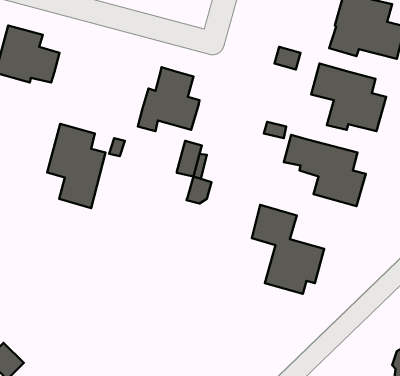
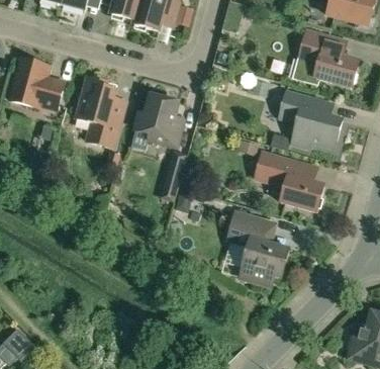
building: [47,124,105,208] -> [76,76,125,148]

